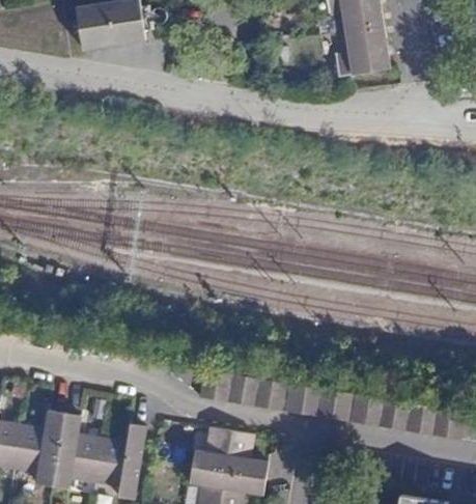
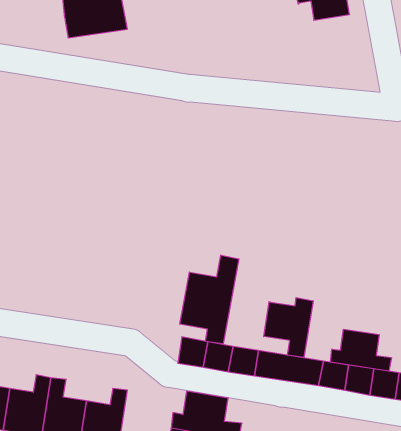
building: [334,24,389,76] -> none
building: none -> [180,255,239,344]
building: none -> [264,298,313,357]
building: none -> [330,329,391,371]

